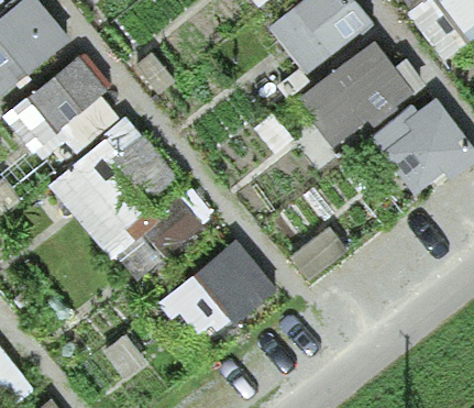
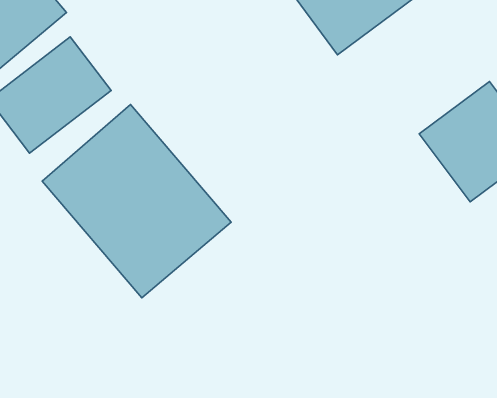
building: [294,36,417,148] -> none
building: [165,241,274,345] -> none

